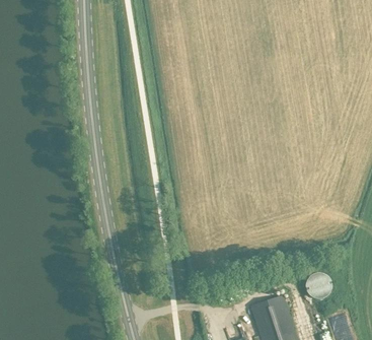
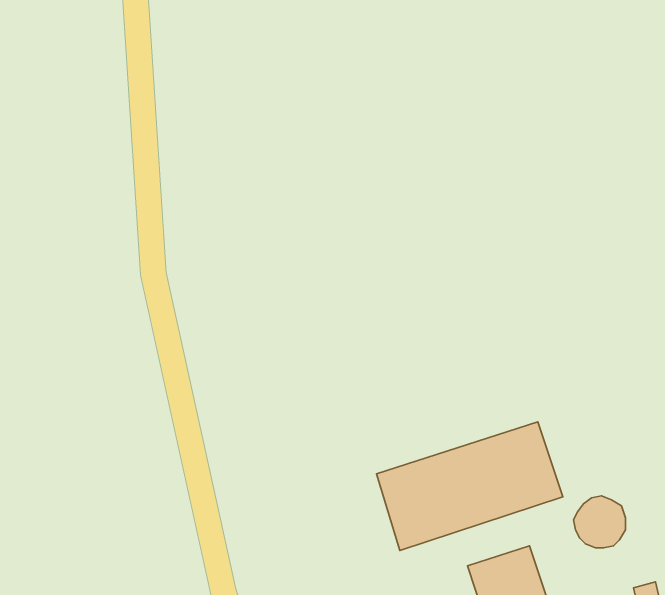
building: none -> [376,422,563,550]

